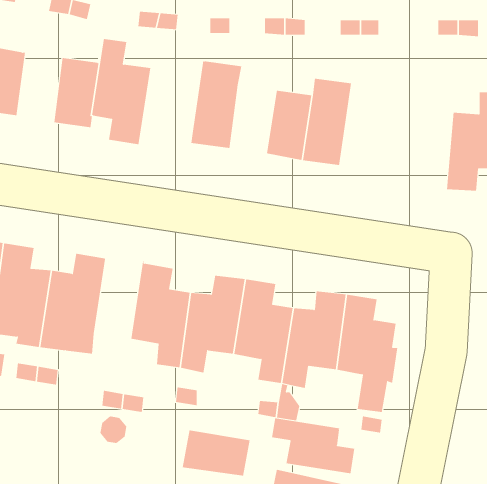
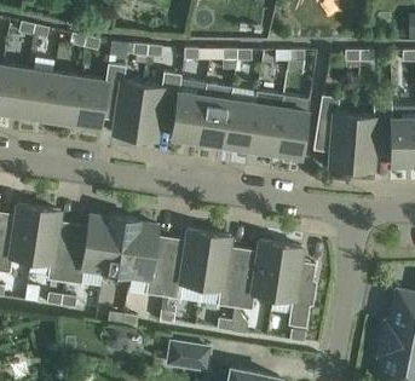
building: none -> [134,73,181,142]
building: none -> [48,74,80,123]
building: none -> [276,96,310,157]
building: none -> [313,96,356,171]
building: none -> [198,97,231,145]
building: none -> [103,217,137,276]
building: [271,418,355,474] -> none

